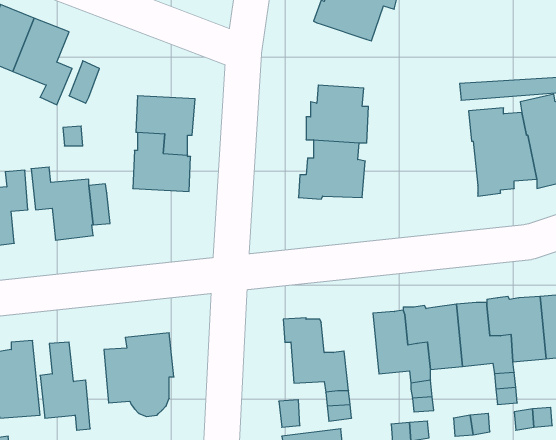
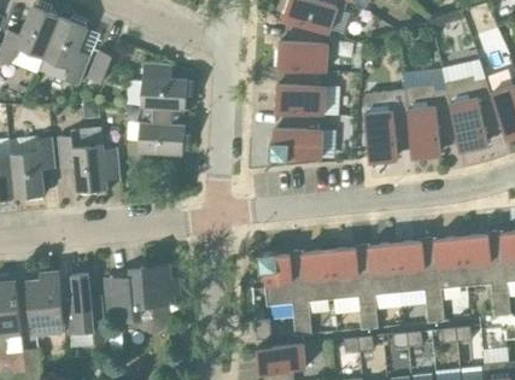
building: none -> [279,22,328,72]
building: none -> [363,92,412,162]
building: none -> [287,251,334,303]

